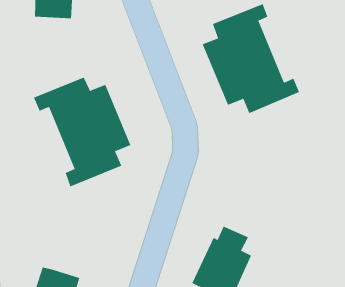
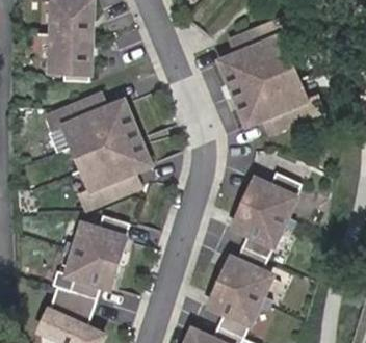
building: none -> [48,33,87,73]
building: none -> [233,172,300,258]
building: none -> [68,215,128,299]

